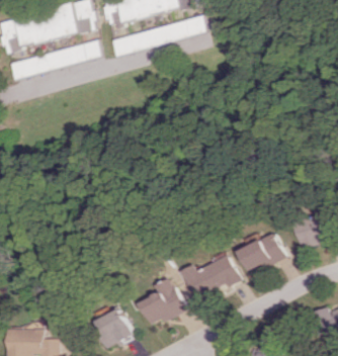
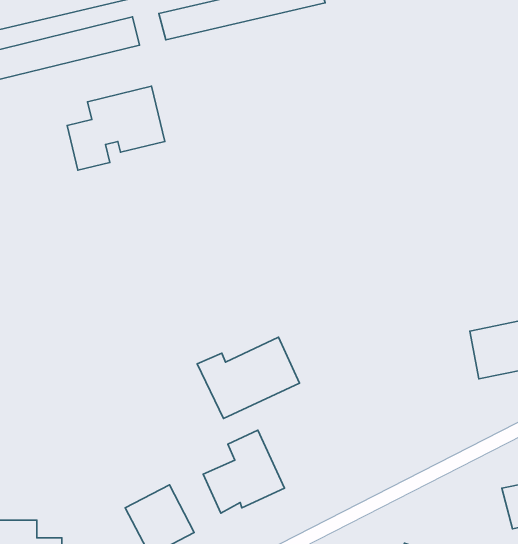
building: none -> [67,86,165,170]
building: [238,233,284,274] -> none
building: [182,255,241,301] -> [197,337,300,419]

